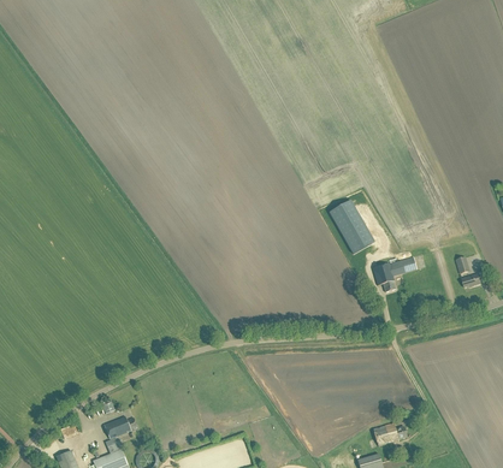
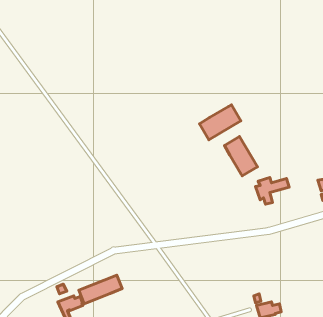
building: none -> [199,105,241,140]
building: none -> [79,275,122,304]

